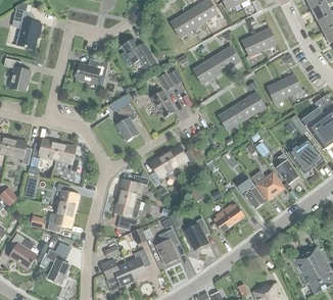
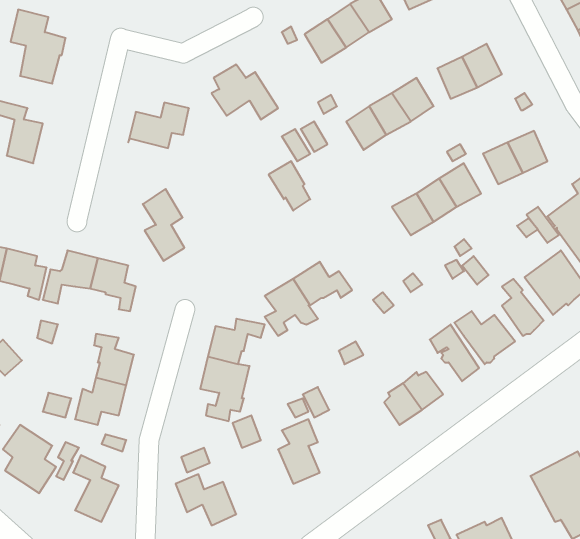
building: [115,101,138,140] -> [143,189,184,261]
building: [185,217,209,249] -> none
building: [127,248,151,280] -> none

